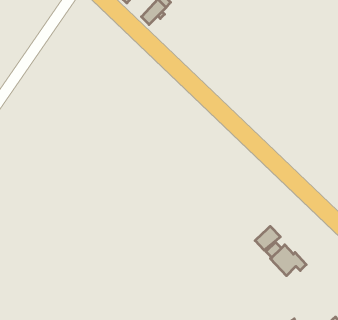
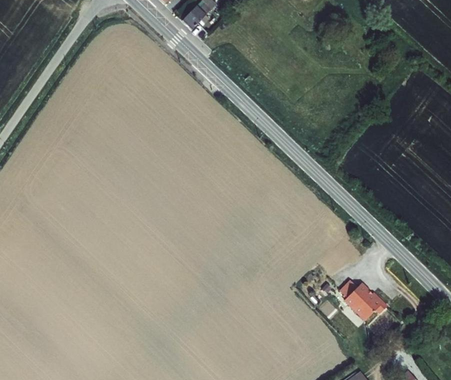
building: [255,226,280,250] -> none

